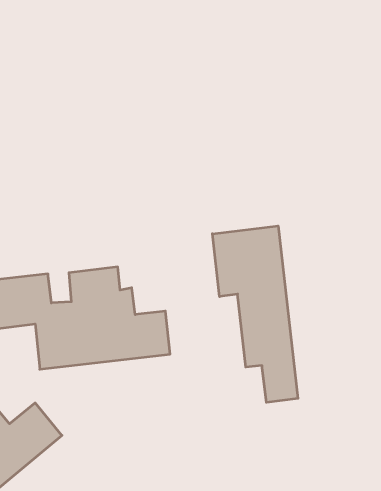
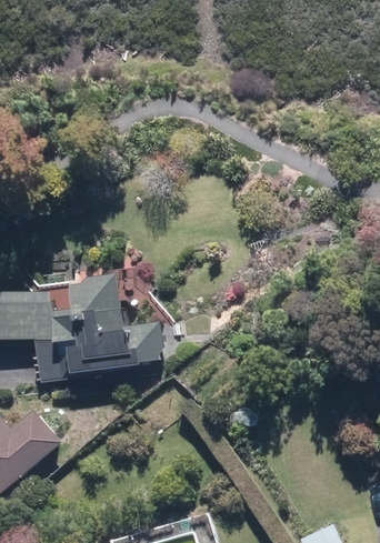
building: [212,226,298,402] -> none

